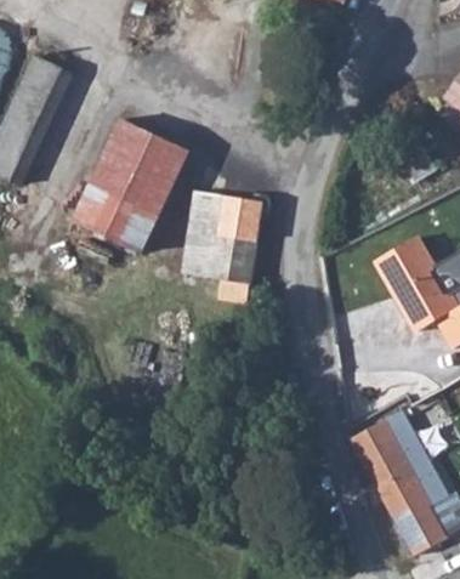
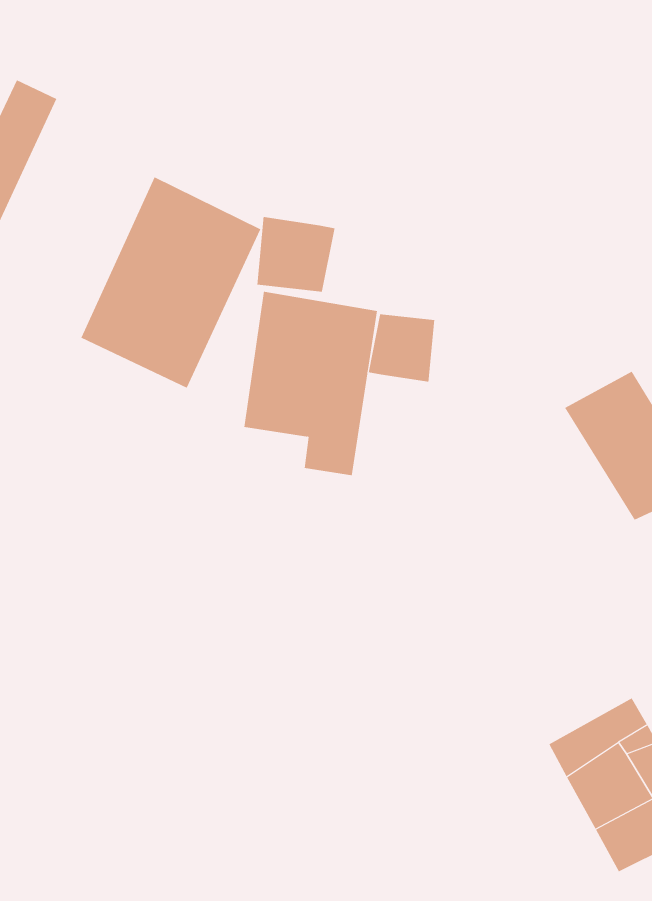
building: none -> [257,216,335,293]
building: none -> [368,313,435,383]
building: [353,414,420,472] -> none

